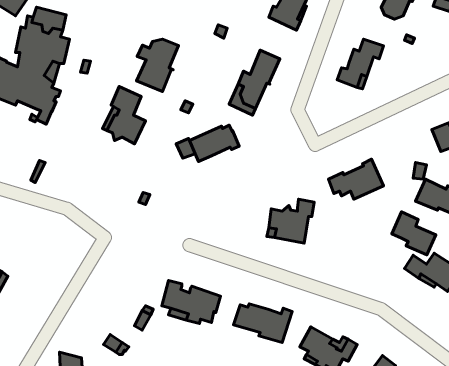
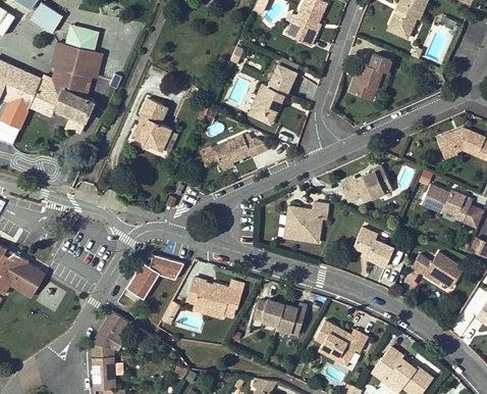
building: [137,39,179,91] -> none
building: [392,212,436,255] -> [353,227,393,266]
building: none -> [127,251,181,296]
building: none -> [92,311,127,350]

